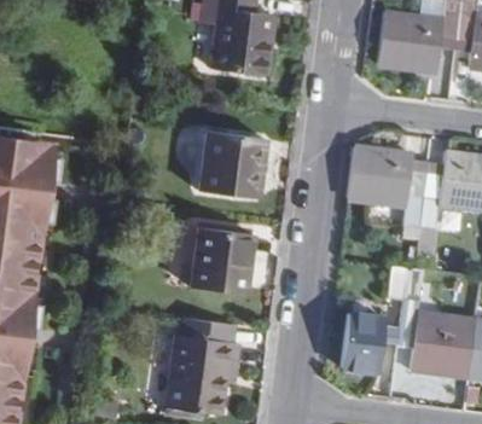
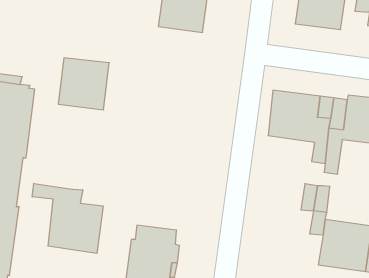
building: [198,133,262,198] -> [58,58,109,110]
building: [190,226,251,294] -> none
building: none -> [32,183,103,253]
building: [345,313,385,371] -> none

